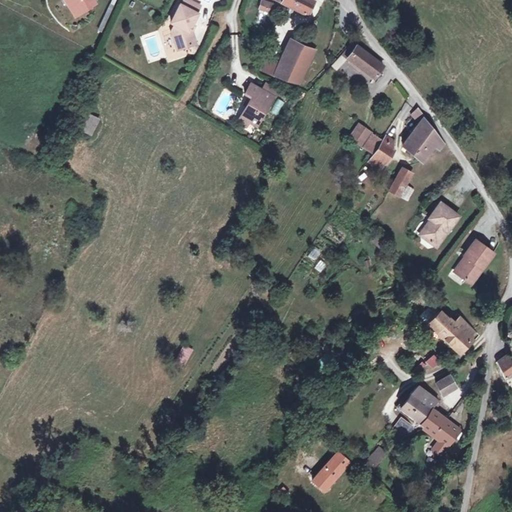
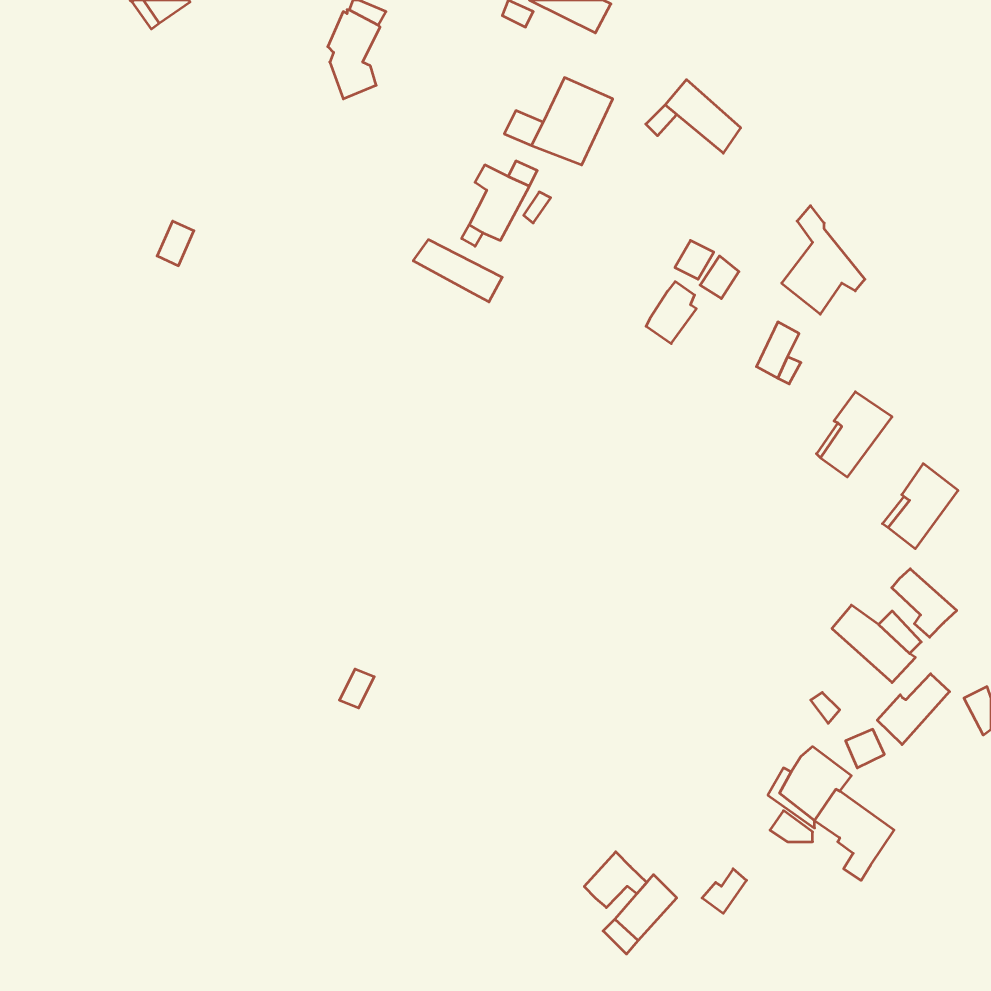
building: none -> [413,240,502,302]
building: [370,135,396,167] -> [646,282,696,344]
building: none -> [892,569,957,637]
building: none -> [877,674,950,745]
building: none -> [584,852,647,908]

